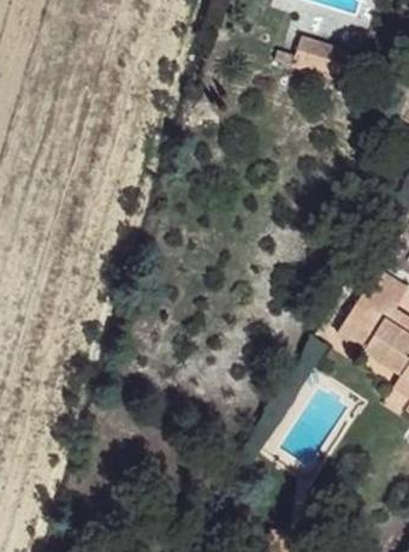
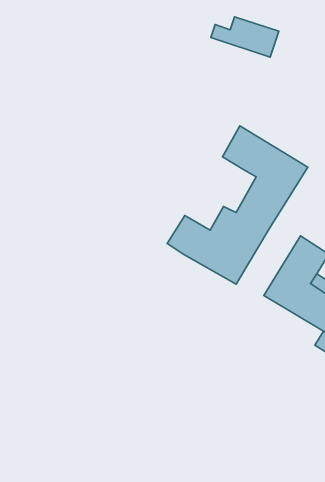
building: none -> [167,126,308,284]

